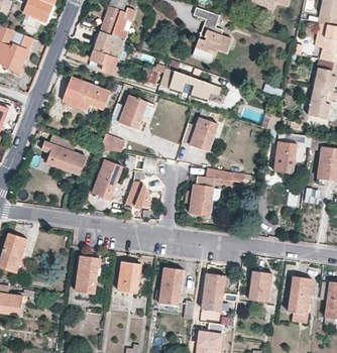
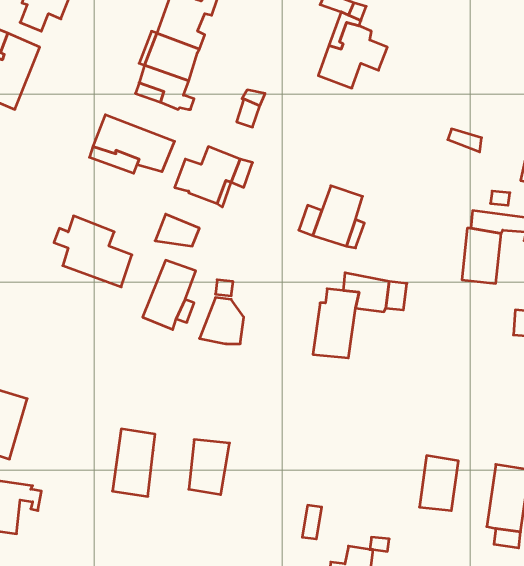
building: [158,67,218,98] -> none
building: [158,267,183,305] -> none
building: [197,272,225,310] -> none

